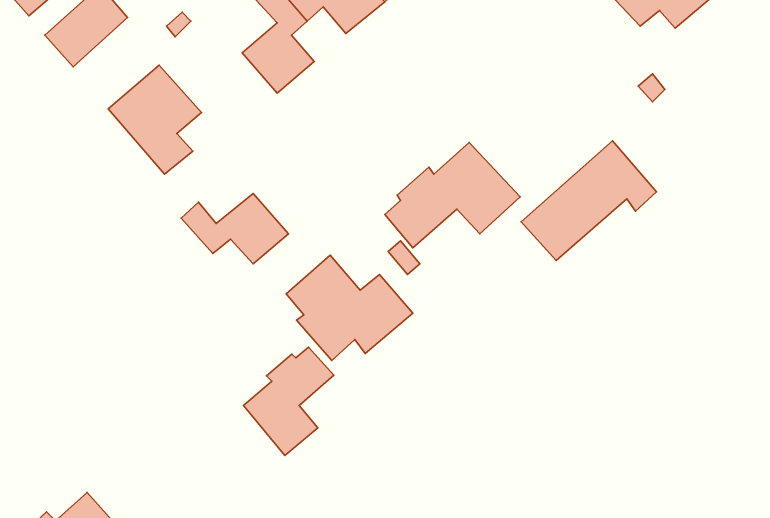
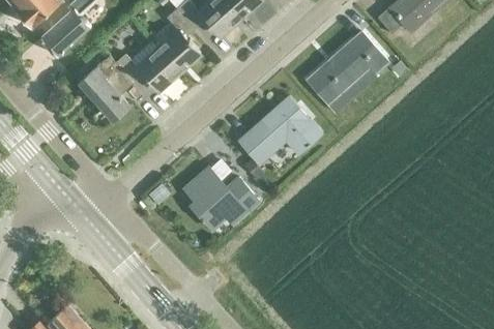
building: [521,141,657,261] -> [307,33,386,103]
building: [181,194,288,264] -> [115,49,178,90]
building: [244,347,334,455] -> none

